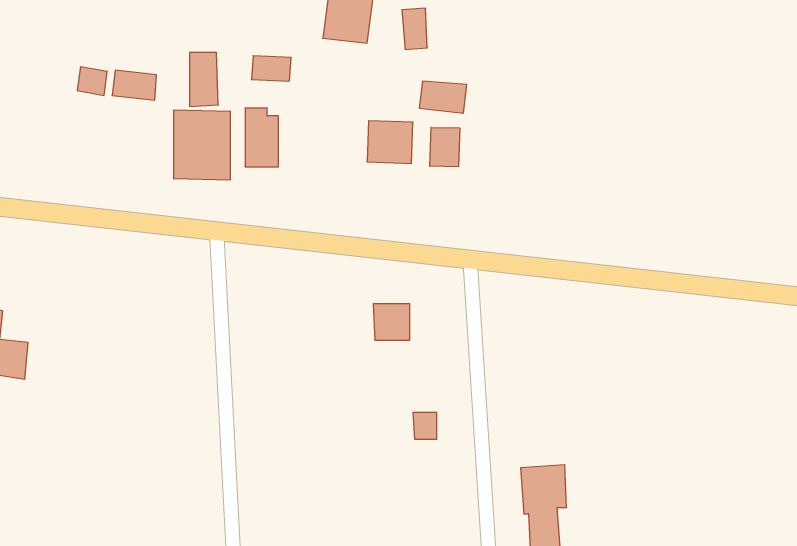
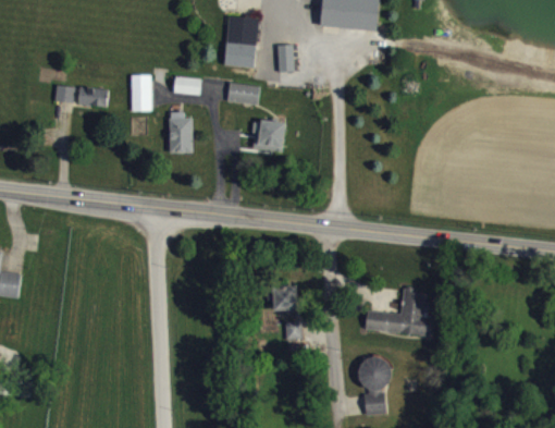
building: [419,81,467,113] -> [226,83,259,105]
building: [174,110,230,180] -> none
building: [430,127,460,167] -> none
building: [373,304,410,340] -> [272,285,297,310]
building: none -> [365,288,432,335]

